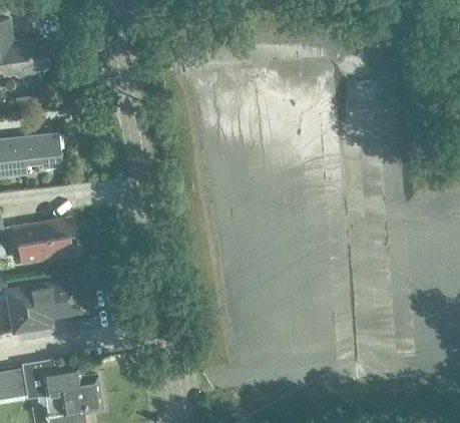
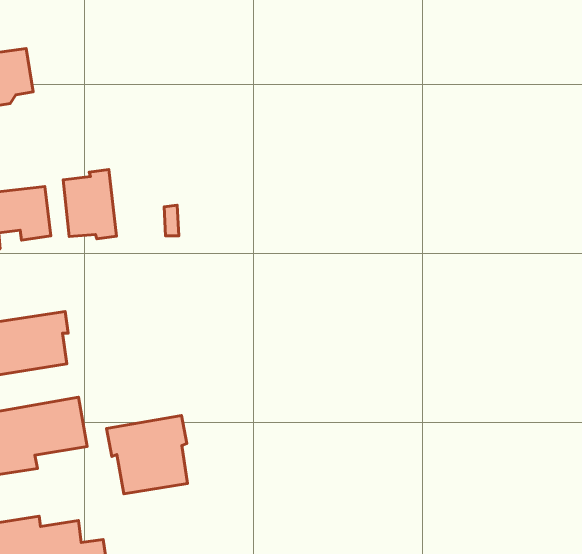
building: none -> [63,170,117,239]
building: none -> [107,415,187,494]

